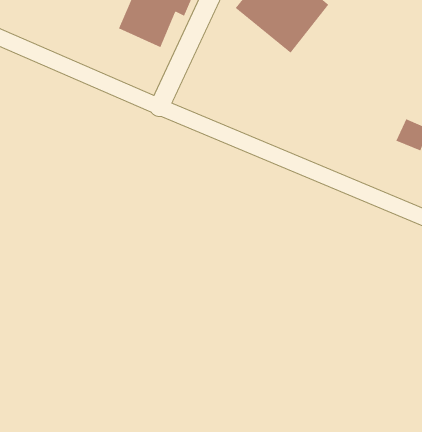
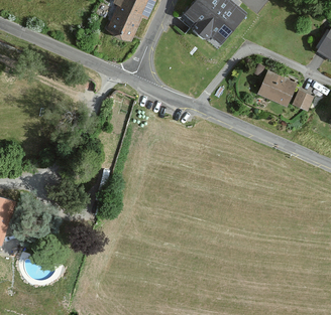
building: none -> [255,70,297,110]

